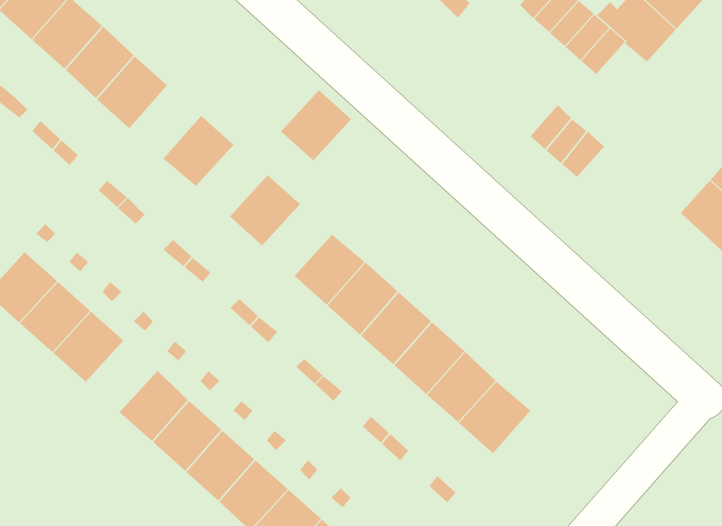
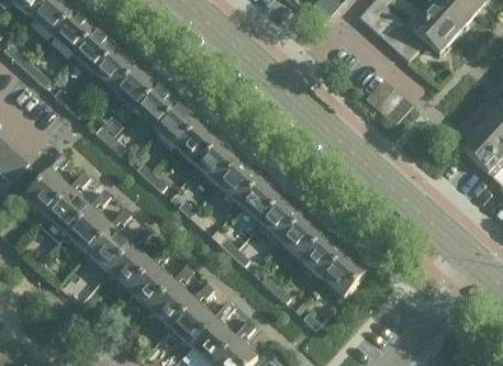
building: none -> [114,66,159,112]
building: [280,90,352,161] -> [156,103,201,148]
building: none -> [198,141,242,186]
building: none -> [87,226,132,271]

